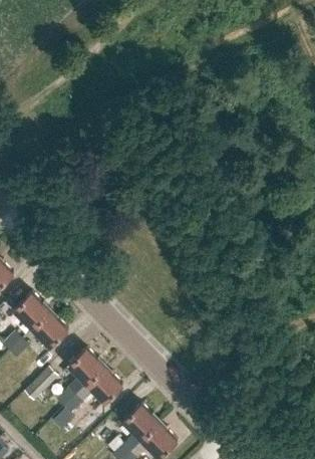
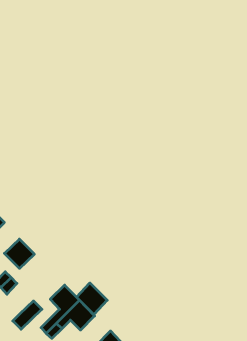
building: [31,311,67,348] -> none
building: none -> [77,283,107,314]

